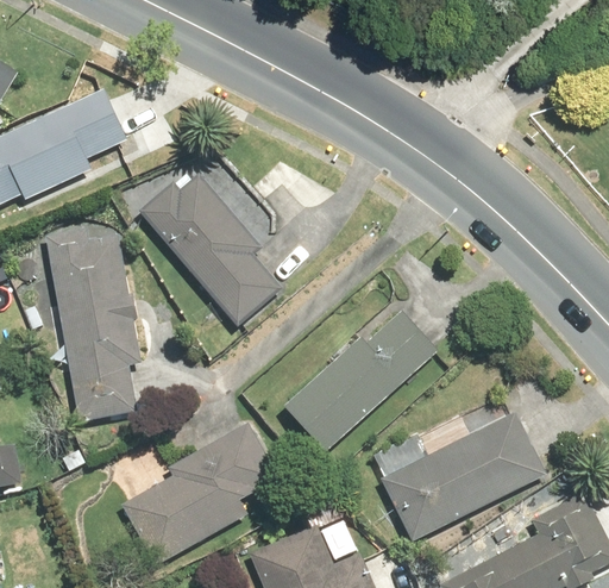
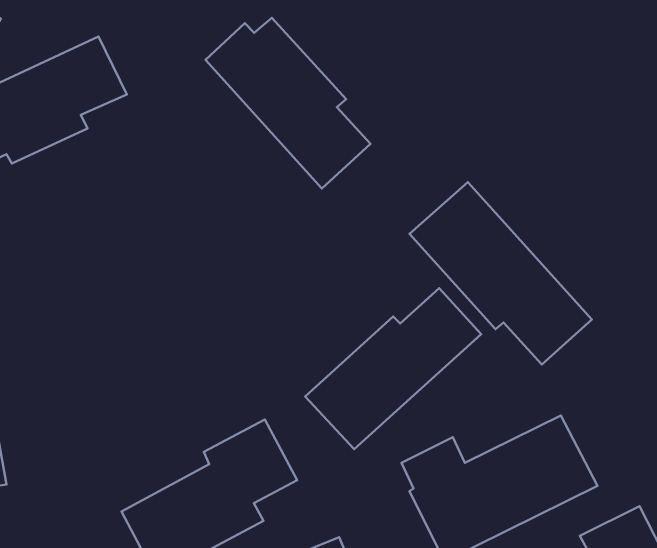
building: [138,174,283,324] -> [205,18,371,188]
building: none -> [410,182,592,365]
building: [44,227,140,419] -> none

